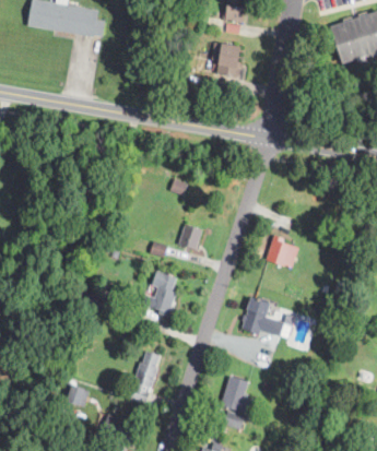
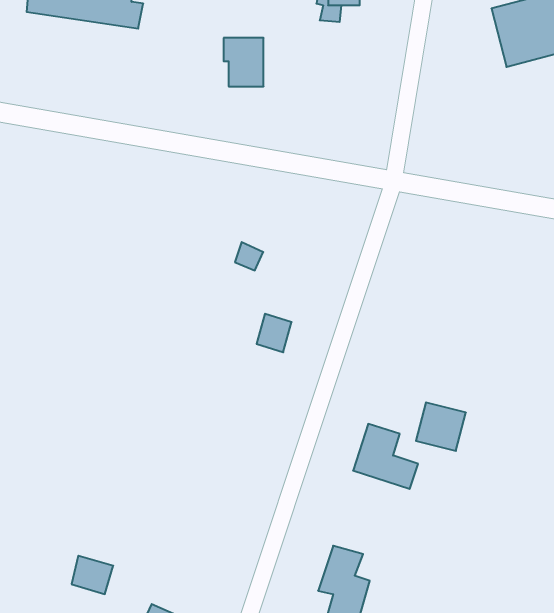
building: [214,45,240,76] -> [224,38,264,86]
building: [266,236,298,268] -> [416,402,466,451]
building: [145,272,178,316] -> none
building: [129,351,160,402] -> none

